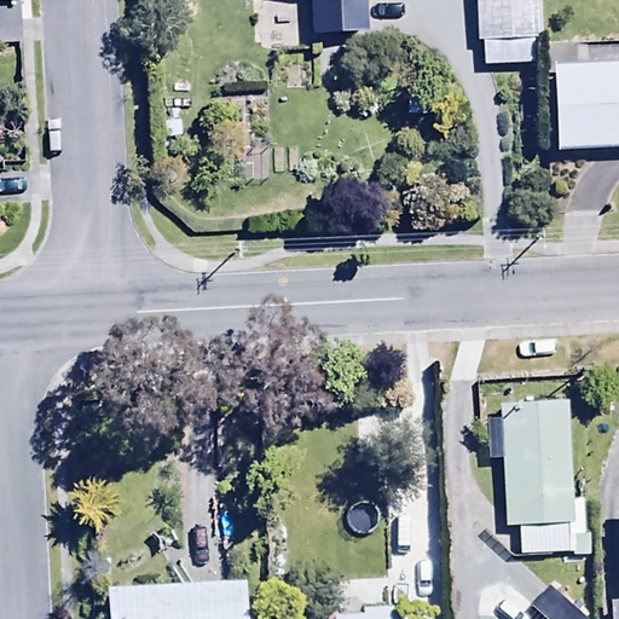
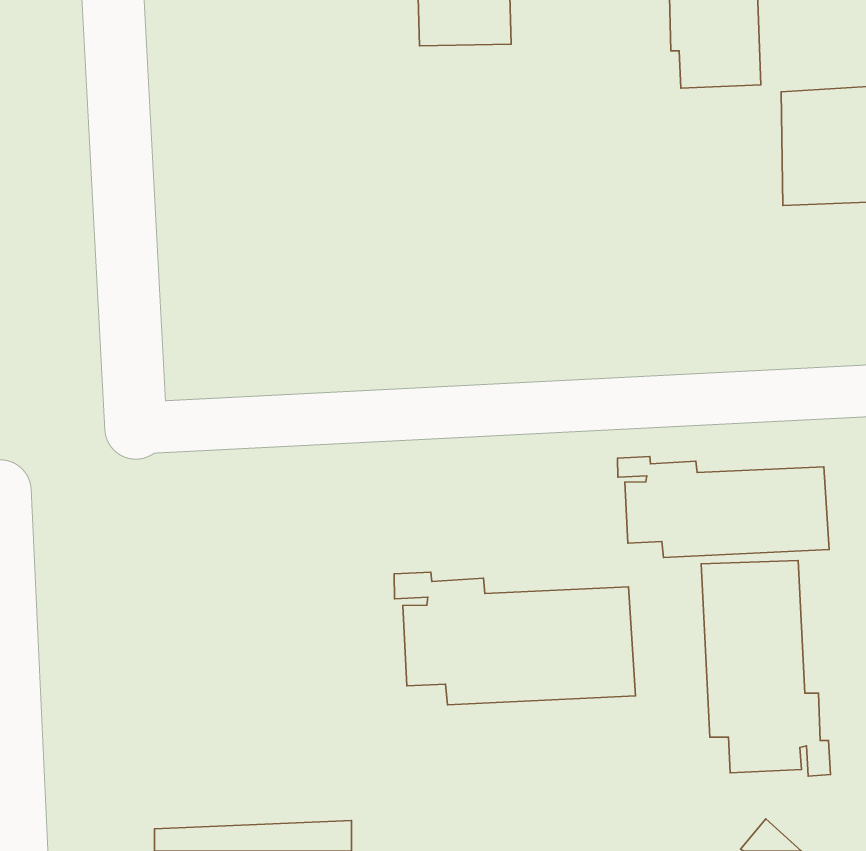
building: none -> [617,457,829,557]
building: none -> [394,572,635,705]

